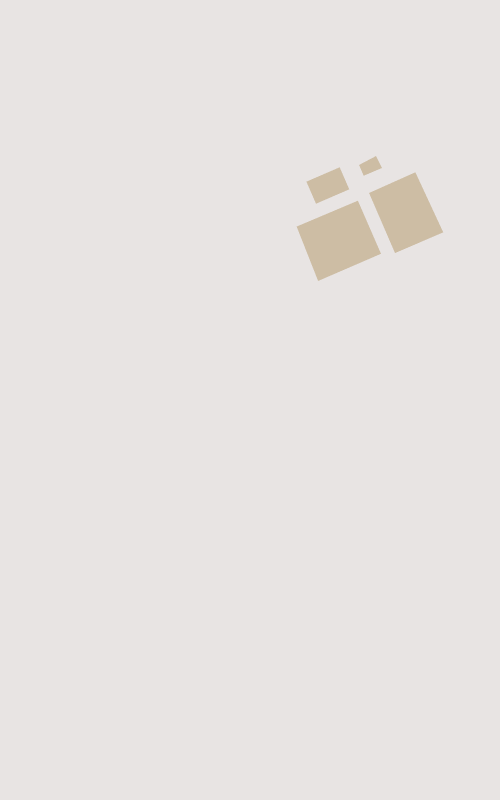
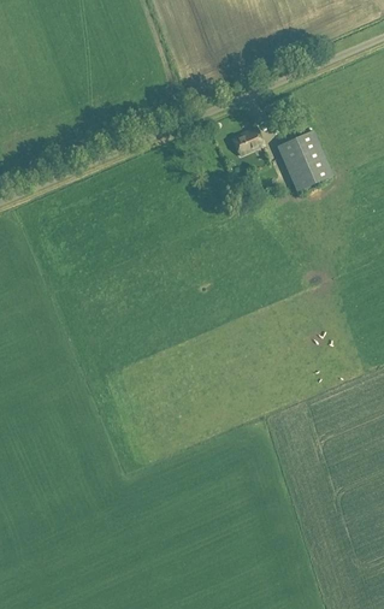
building: [296,200,382,282] -> none

